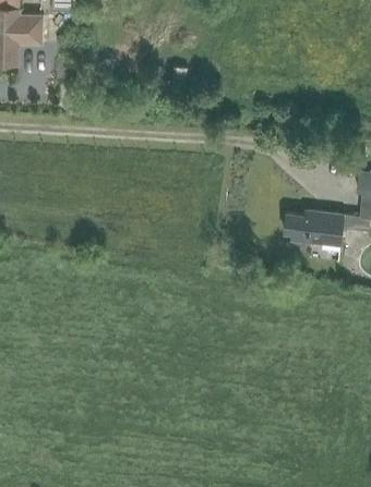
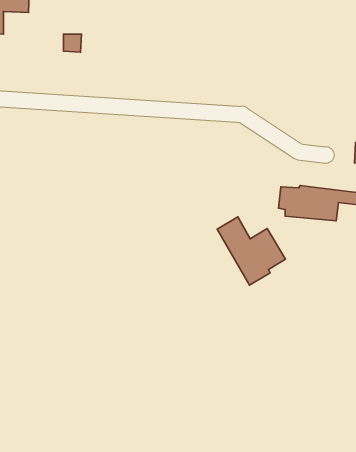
building: none -> [217,217,285,285]

